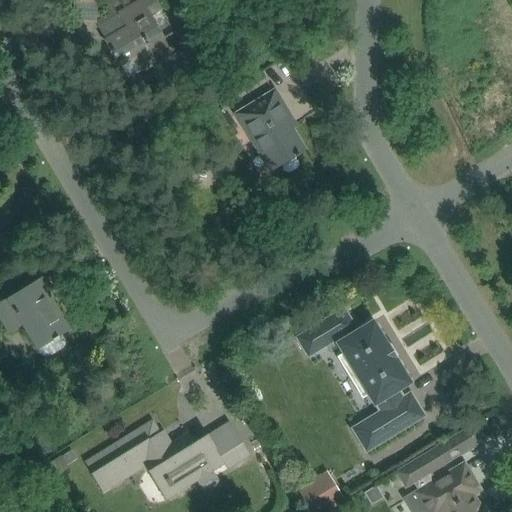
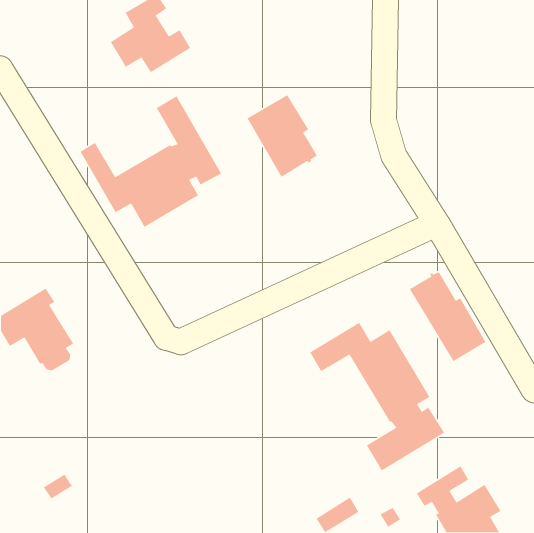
building: none -> [80,95,222,228]
building: none -> [409,271,487,362]
building: [85,420,250,499] -> none

